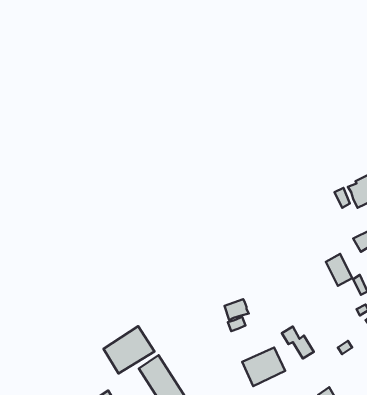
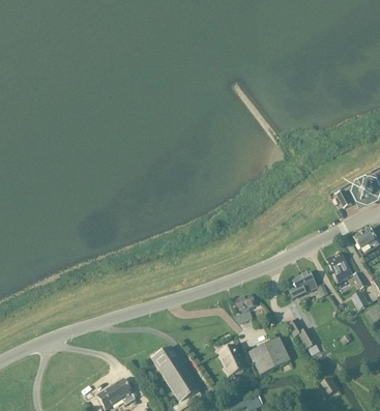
building: none -> [289,270,317,297]
building: [103,326,154,373] -> none
building: none -> [217,345,245,376]

